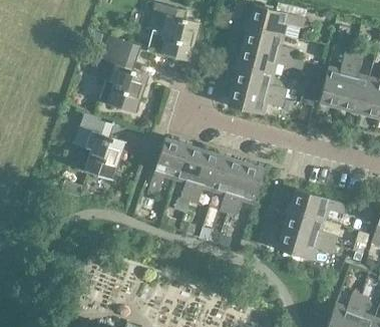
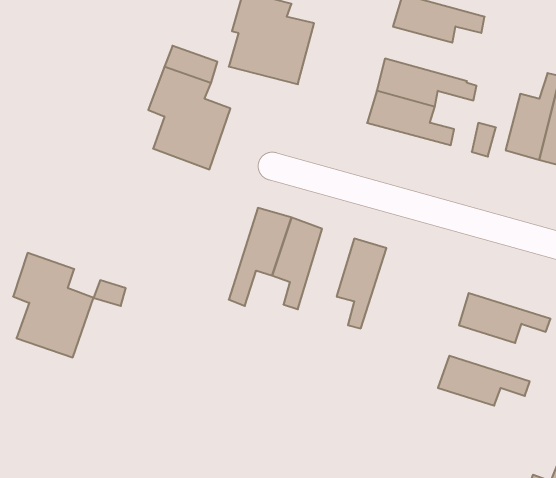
building: [244,24,297,58] -> none
building: [228,84,290,114] -> none
building: [74,114,124,180] -> [13,253,94,357]
building: [189,150,225,204] -> none
building: [229,162,265,216] -> none
building: [284,211,337,246] -> none

